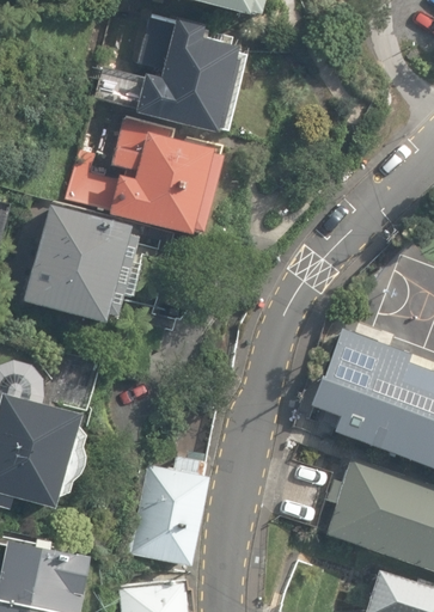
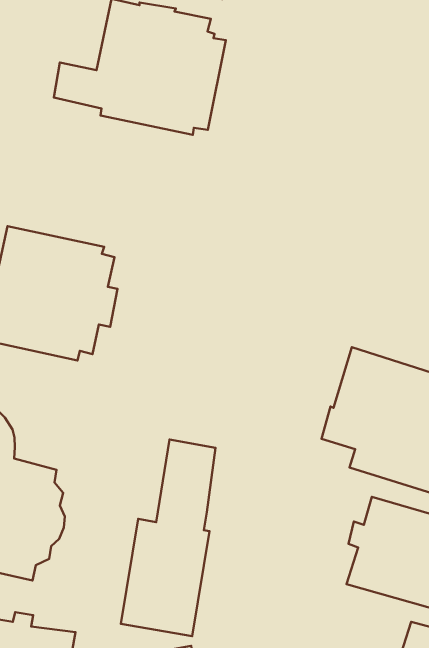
building: [65,116,224,239] -> none

